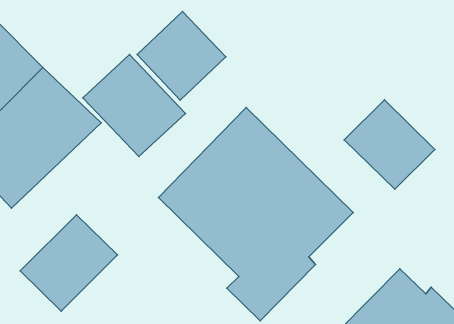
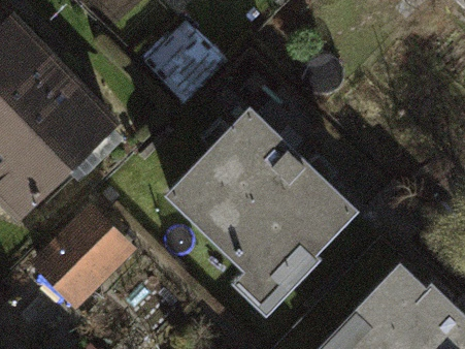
building: [83,55,186,157] -> none
building: [344,100,435,189] -> none

